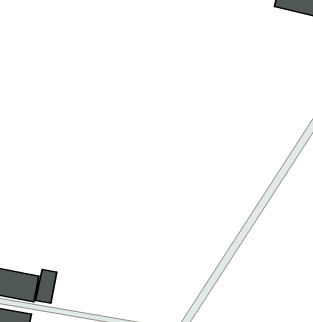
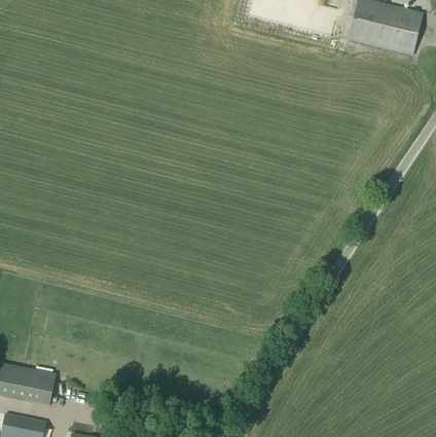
building: [36,270,57,303] -> none

